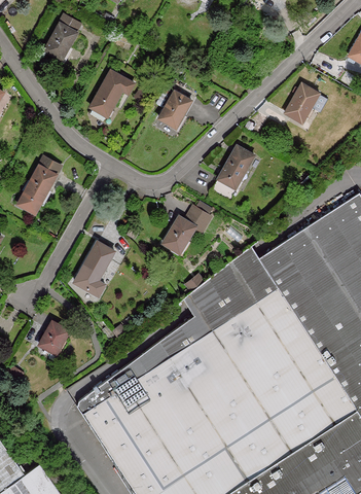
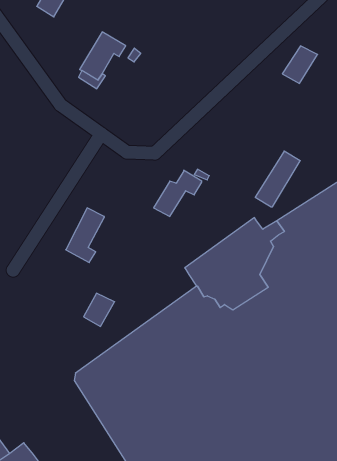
building: [156,92,189,129] -> none
building: [205,144,248,198] -> [255,151,300,207]
building: [17,155,60,212] -> none
building: [39,322,69,354] -> [84,293,115,326]

